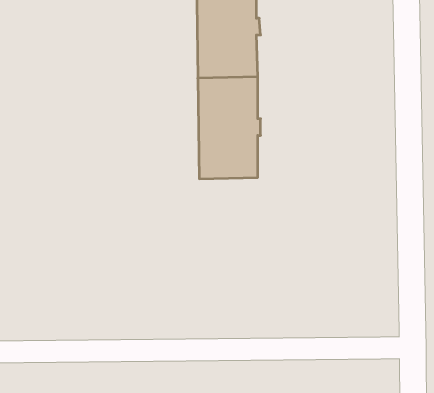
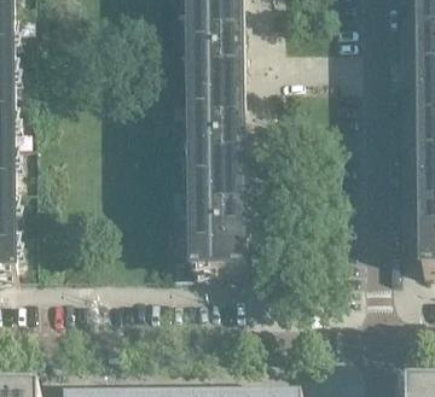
building: none -> [190,180,244,269]

